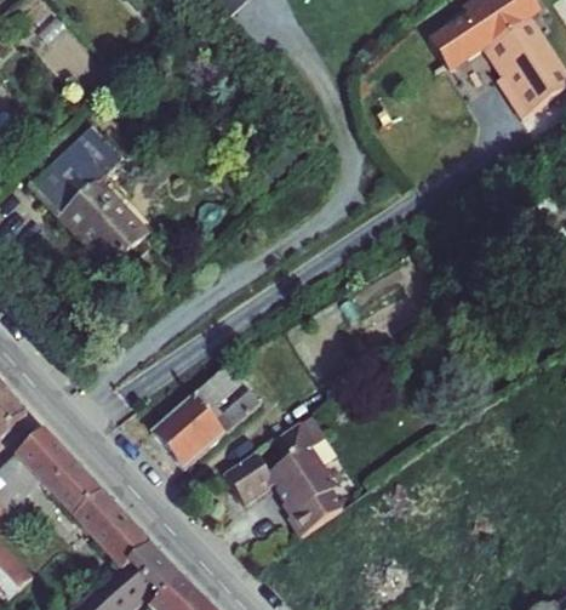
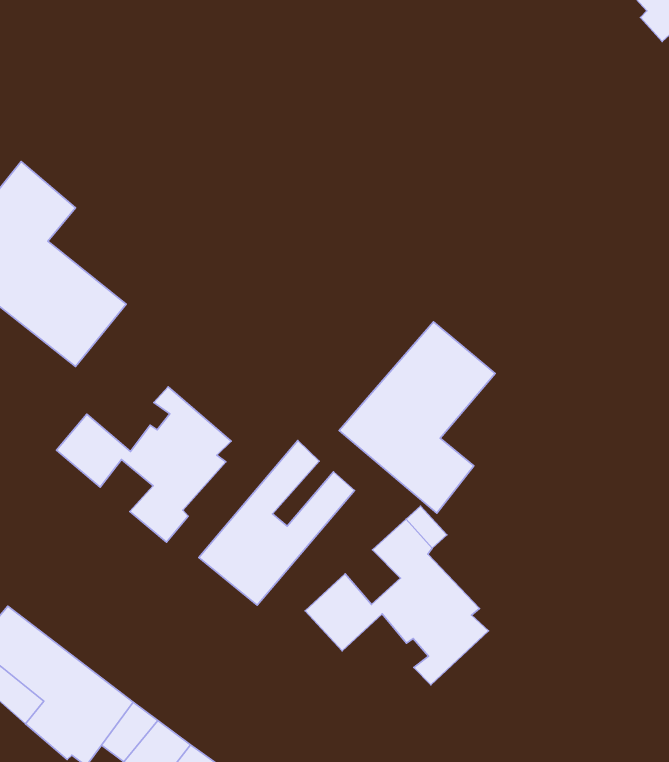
building: none -> [339,322,495,513]
building: none -> [56,387,231,542]

